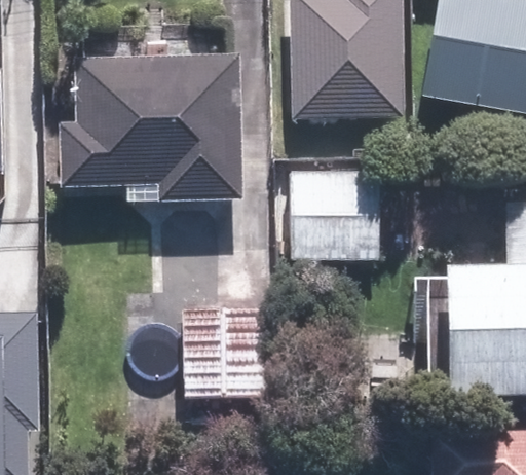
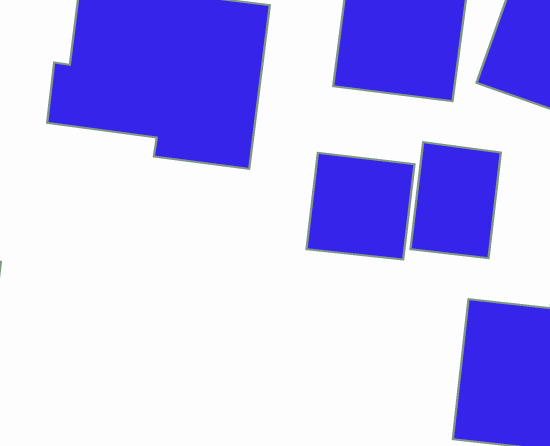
building: none -> [410,142,501,258]
building: [184,310,259,392] -> none

